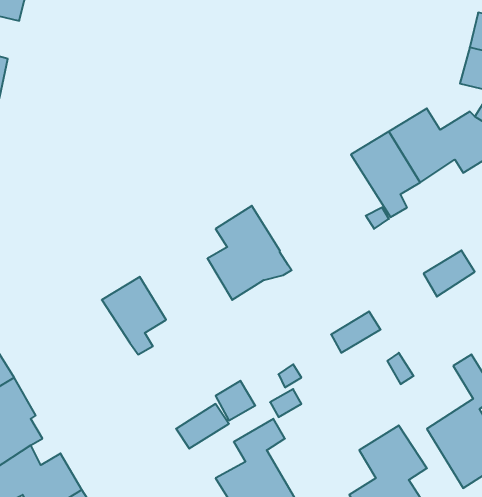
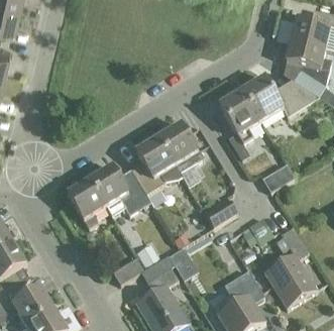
building: none -> [158,124,204,174]
building: none -> [90,167,150,216]

